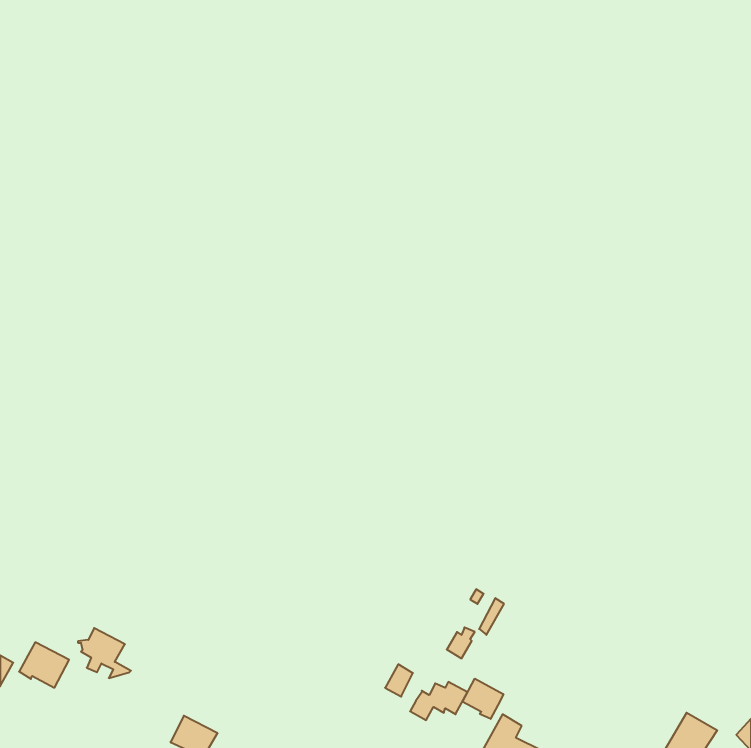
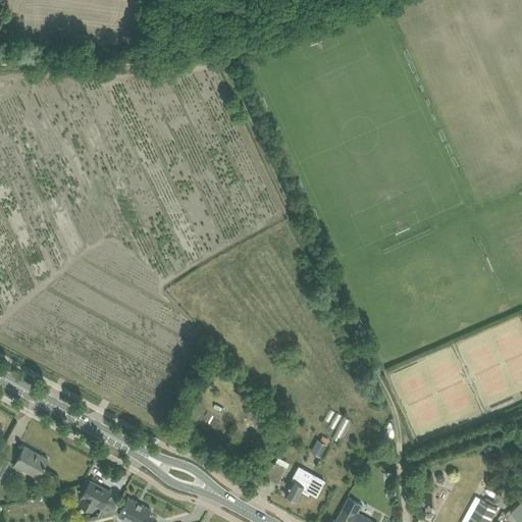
building: [78,628,131,678] -> [79,482,115,517]
building: [462,679,503,719] -> none

